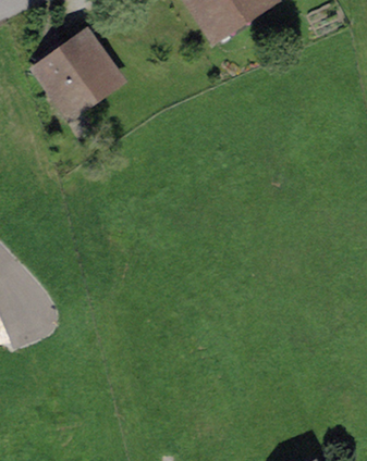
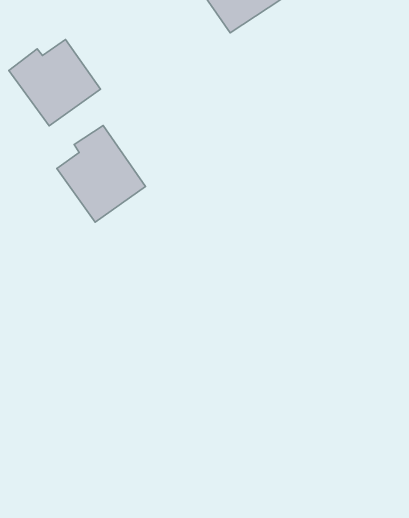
building: none -> [57,125,146,222]

